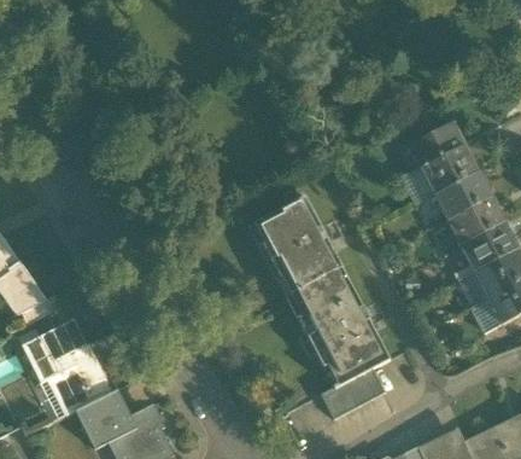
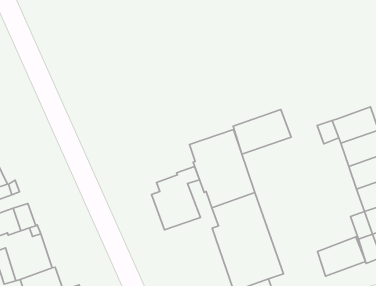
building: [410,124,464,165] -> none
building: none -> [233,109,291,154]
building: none -> [151,167,201,230]
building: none -> [317,237,366,276]

